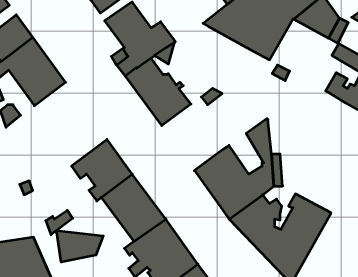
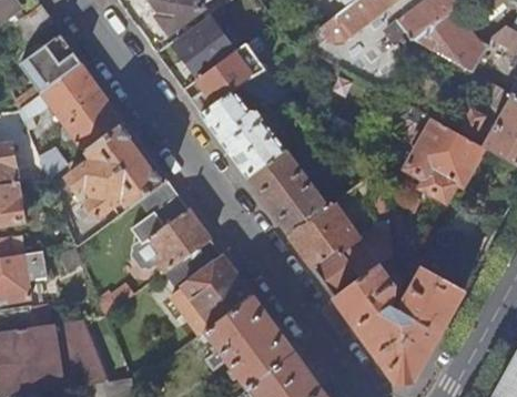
building: none -> [406,119,483,201]
building: none -> [67,121,166,218]
building: none -> [246,149,326,234]
building: [57,230,103,262] -> none

